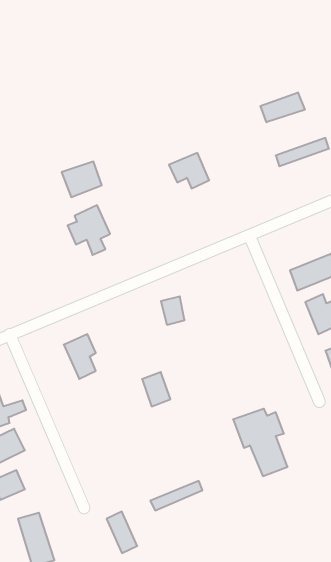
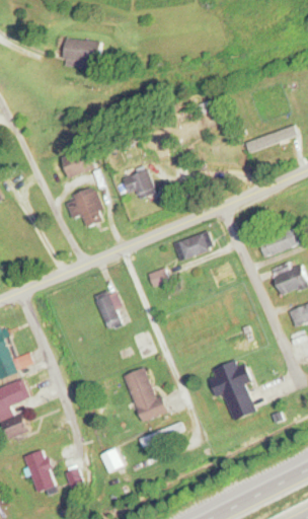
building: none -> [66,40,99,66]
building: [260,92,305,122] -> none
building: [169,153,209,188] -> [122,169,156,200]
building: none -> [173,231,214,261]
building: [64,334,96,379] -> [94,290,122,328]
building: none -> [123,366,168,421]

